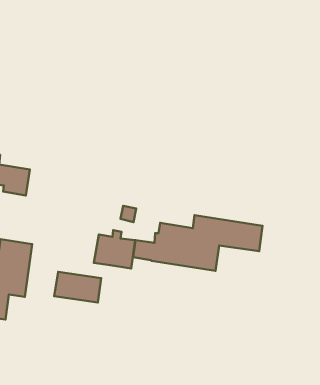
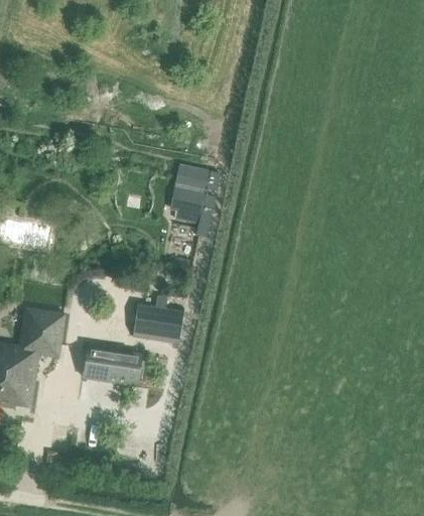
building: none -> [177,167,217,238]
building: [133,215,263,271] -> none

